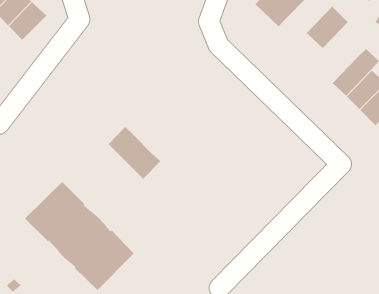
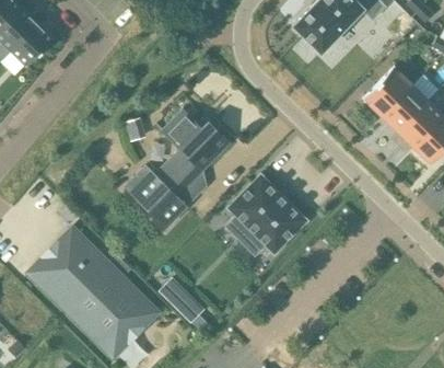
building: [306,5,348,49] -> [363,67,412,117]
building: none -> [155,110,231,197]
building: none -> [226,174,307,256]
building: none -> [157,278,203,322]

